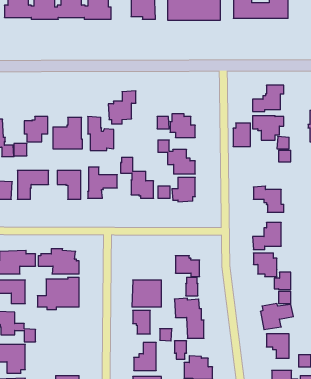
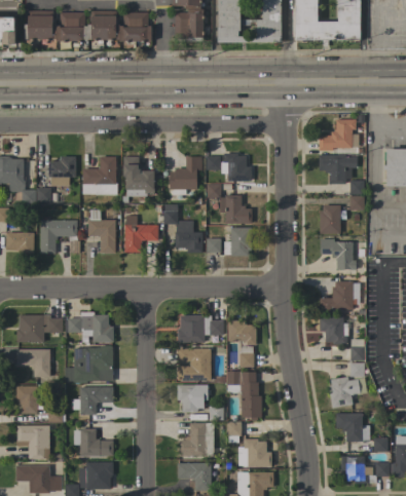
building: [108,91,136,124] -> [169,156,201,195]
building: [233,123,250,146] -> [320,205,340,233]
building: none -> [177,315,223,343]
building: none -> [72,387,113,415]
building: none -> [73,428,113,456]

